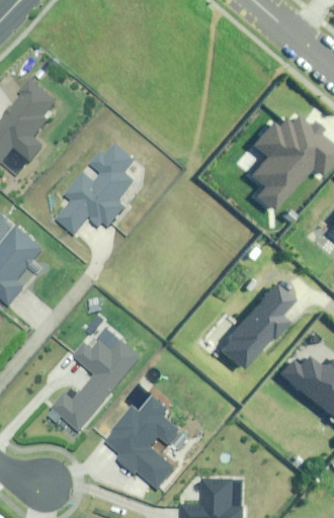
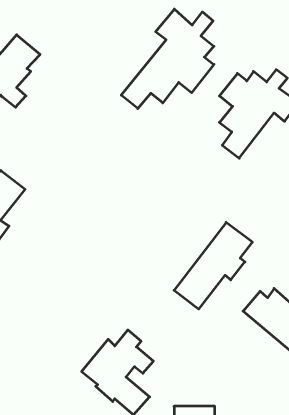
building: none -> [121,9,214,109]
building: [58,145,137,235] -> none
building: [54,340,143,430] -> none

